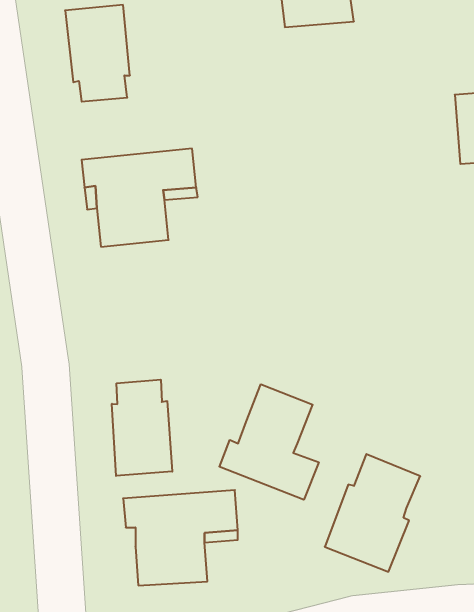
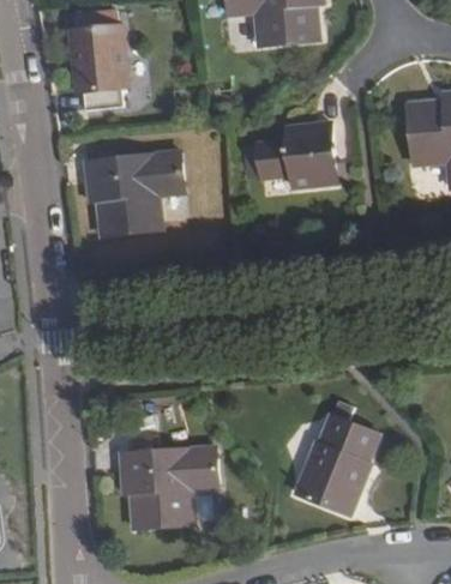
building: none -> [242,122,337,186]
building: [112,380,172,476] -> none
building: [219,384,319,500] -> none

